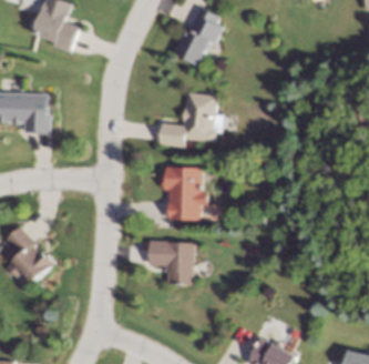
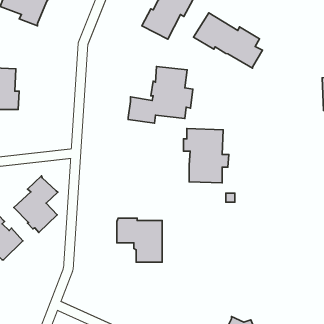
building: none -> [194,13,262,68]
building: [162,166,206,220] -> [183,129,229,183]
building: none -> [14,176,58,232]

